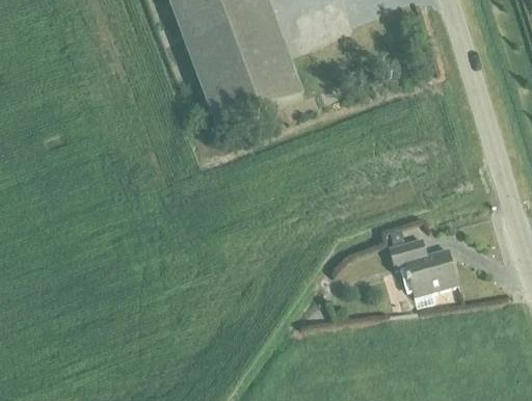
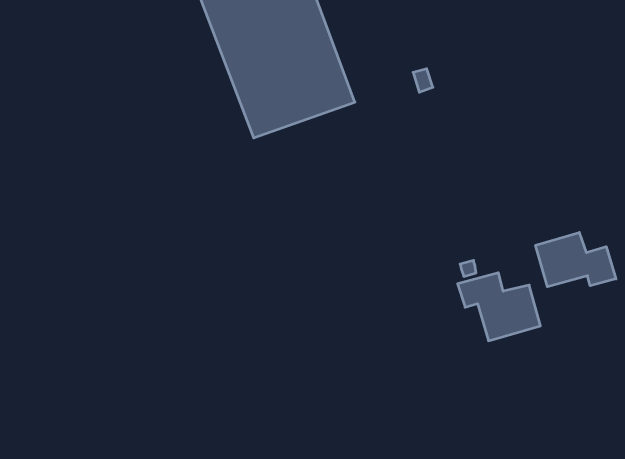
building: none -> [536,232,616,287]

